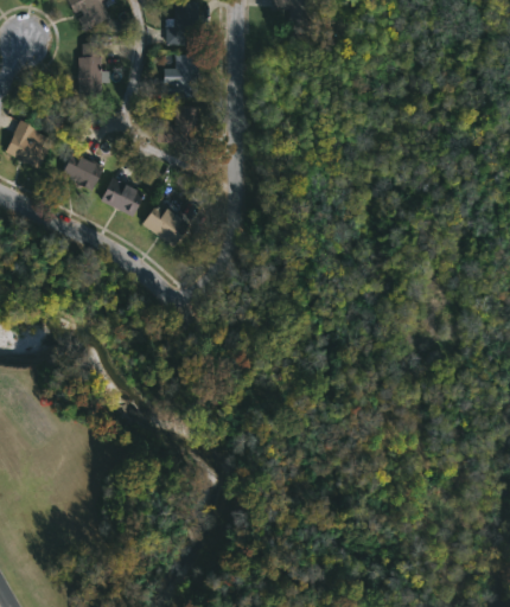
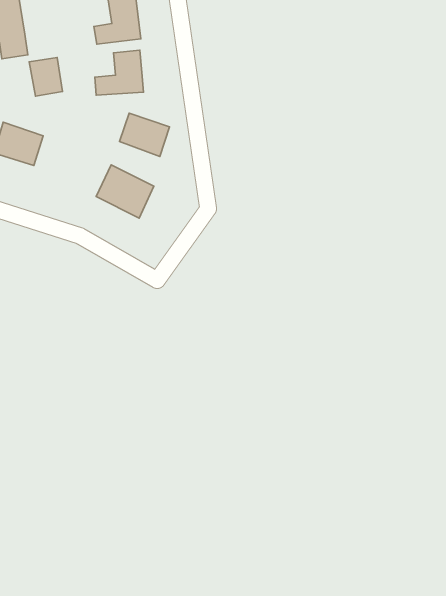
building: none -> [29,57,63,96]
building: [100,177,144,217] -> [119,113,169,156]

